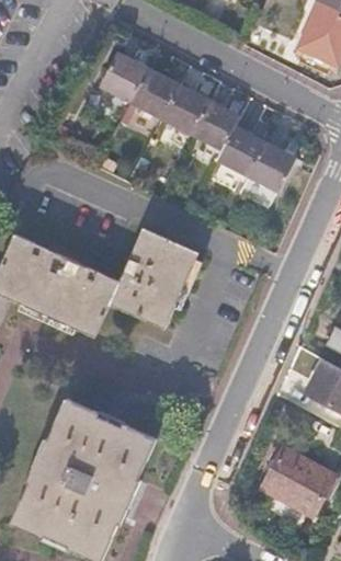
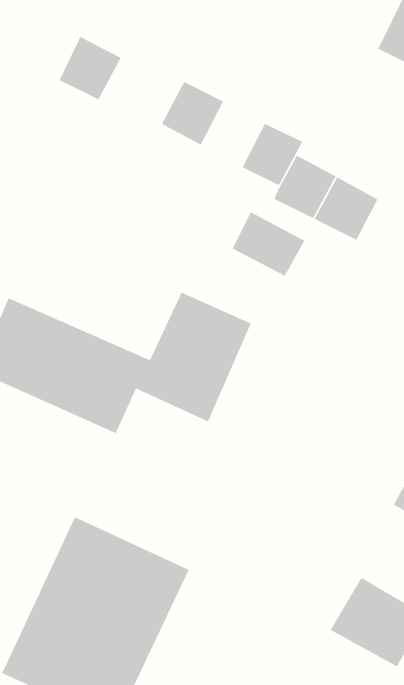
building: [101,54,149,103] -> [58,36,122,101]
building: [162,85,211,136] -> none
building: none -> [231,211,305,277]

